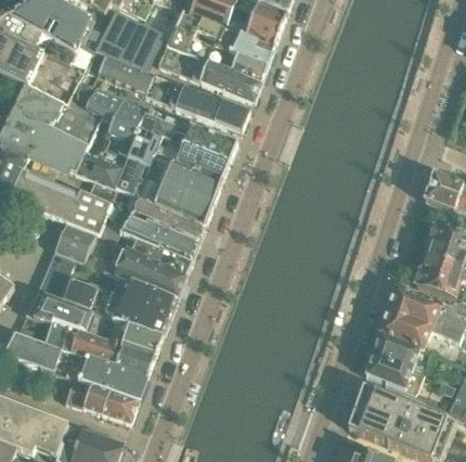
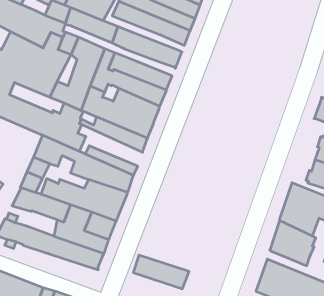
building: [112,207,197,262] -> none
building: [44,321,85,355] -> none
building: [65,377,139,422] -> [133,255,189,289]

